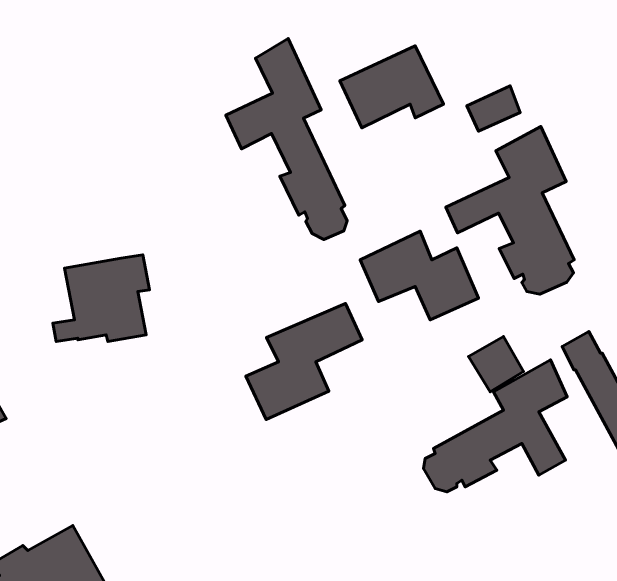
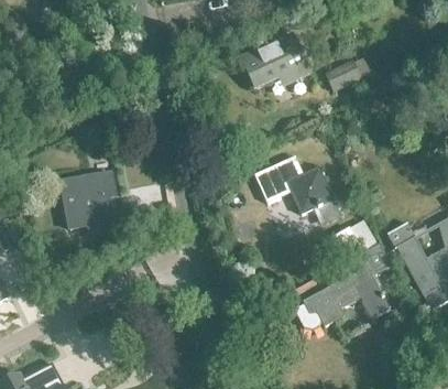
building: [226,39,347,239] -> none
building: [446,127,574,294] -> none
building: [246,303,362,419] -> none

